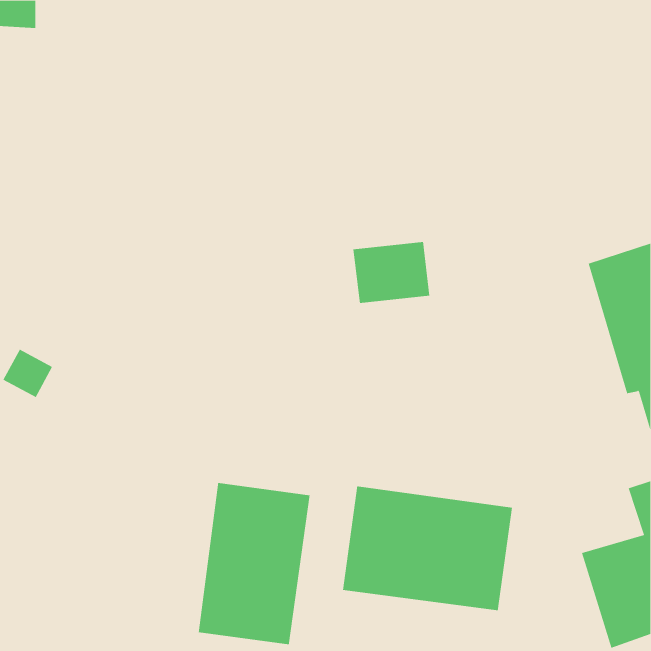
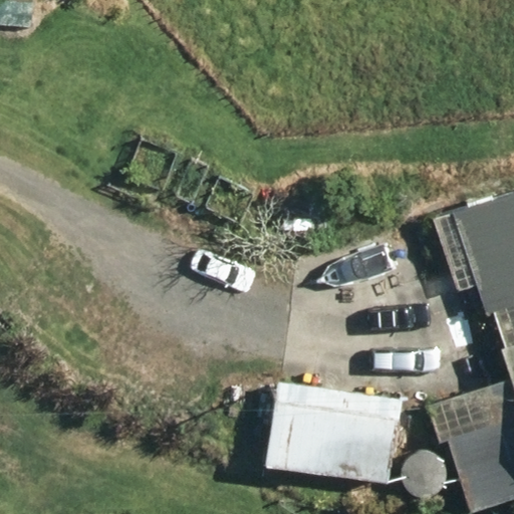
building: [198,482,310,645] -> none

